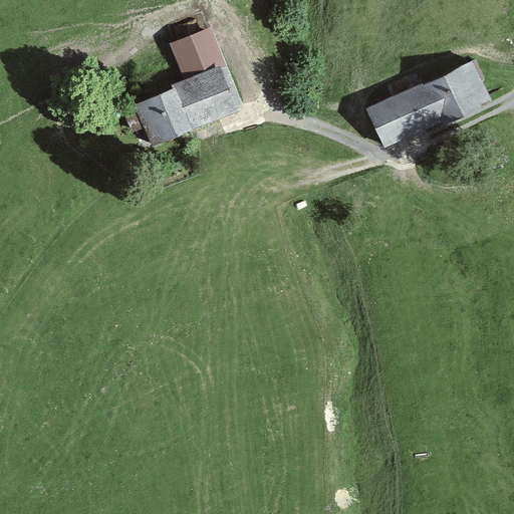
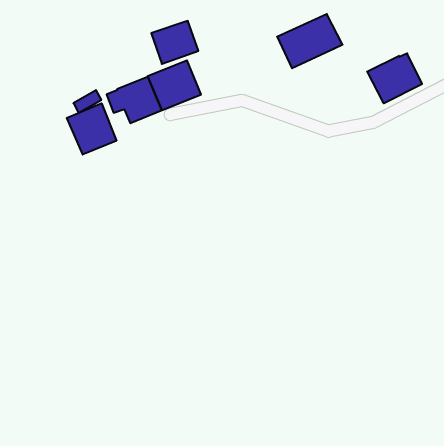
building: [367,83,443,146] -> [277,14,343,68]
building: none -> [67,103,116,155]

